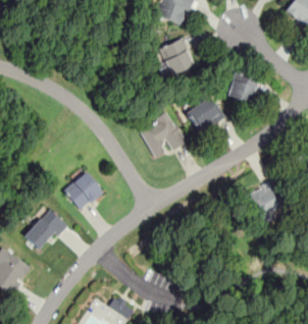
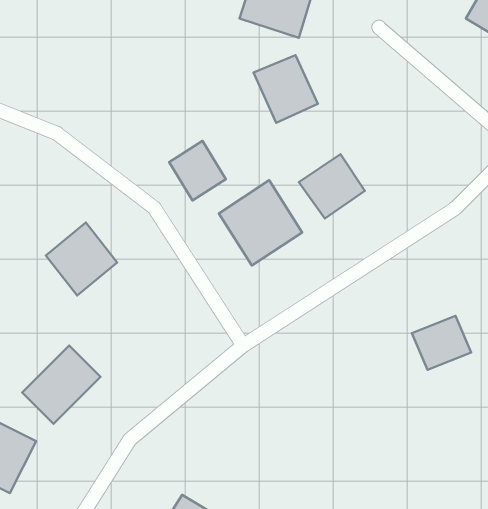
building: [225,69,260,104] -> none
building: none -> [169,141,226,200]
building: [62,169,104,212] -> [46,222,117,295]

